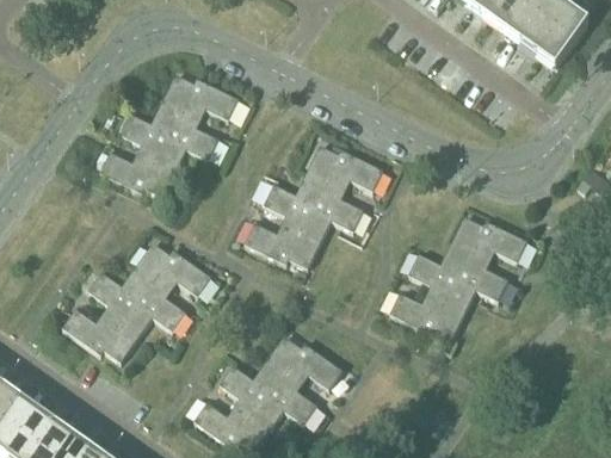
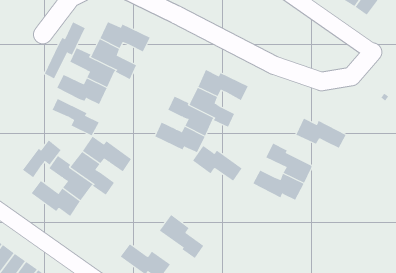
building: none -> [44,22,86,79]
building: none -> [52,98,99,136]
building: [439,240,508,299] -> none
building: none -> [22,140,62,178]
building: [269,334,342,388] -> [192,145,242,182]
building: [220,364,286,431] -> none

